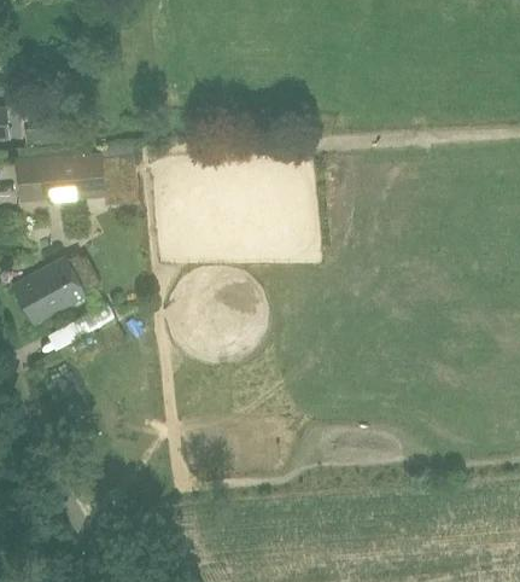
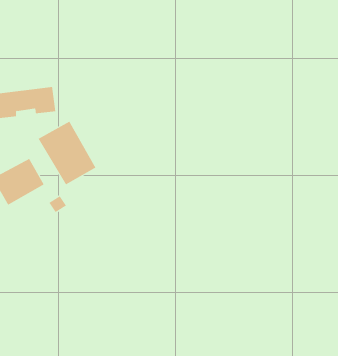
building: none -> [38,121,96,185]

